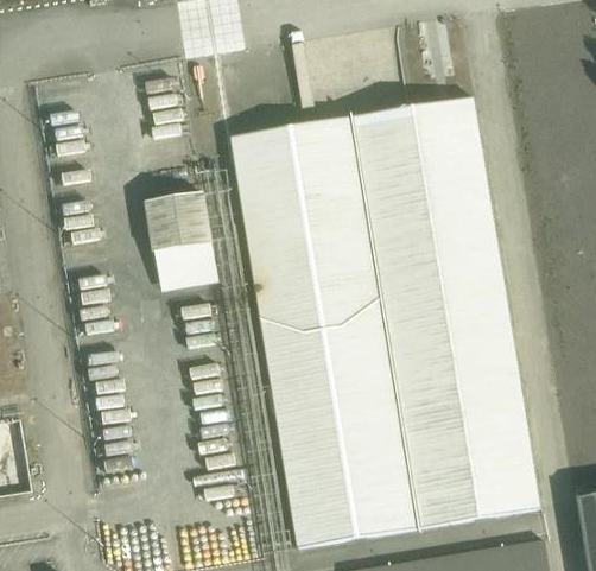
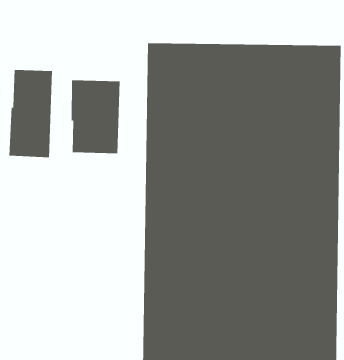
building: none -> [9,69,52,158]

